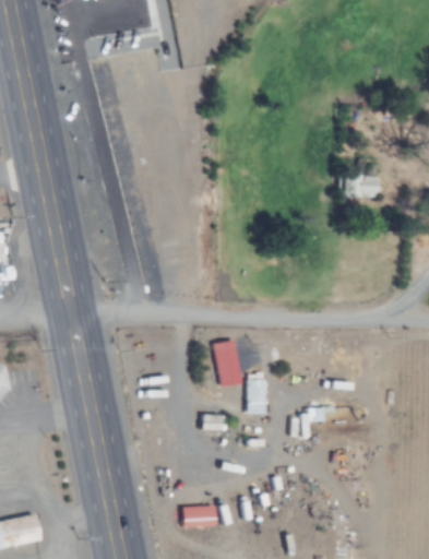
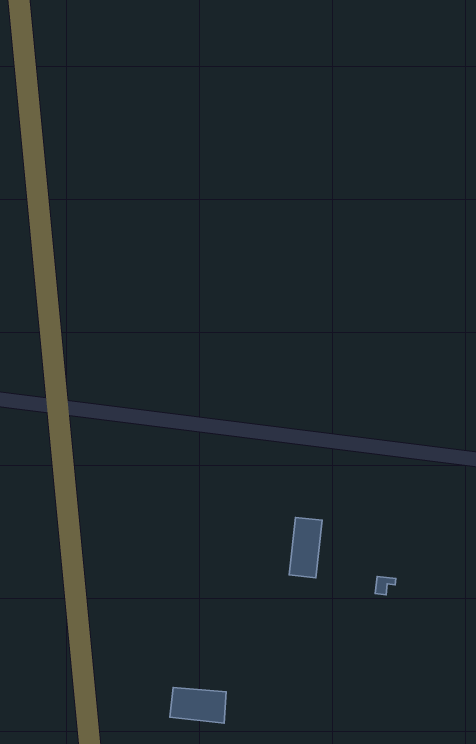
building: [214,342,248,379] -> none

